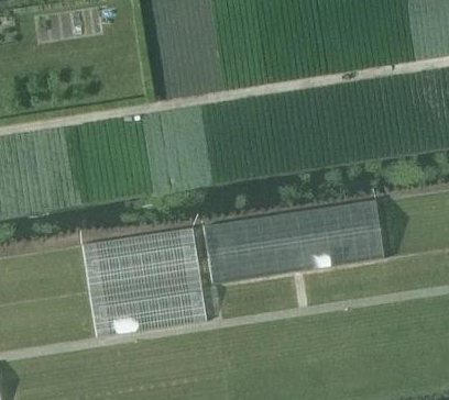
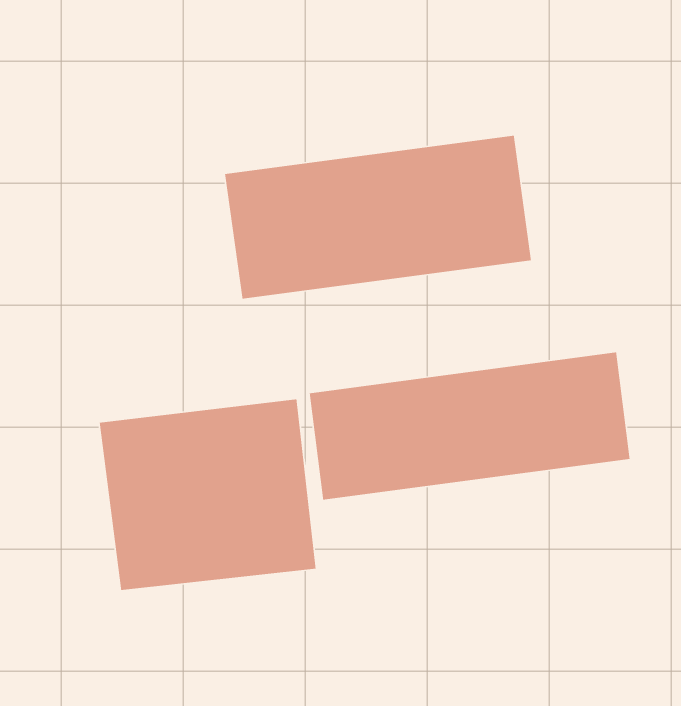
building: none -> [224,135,532,299]

